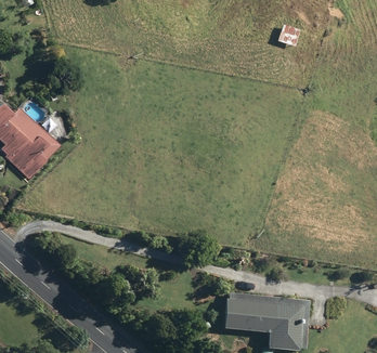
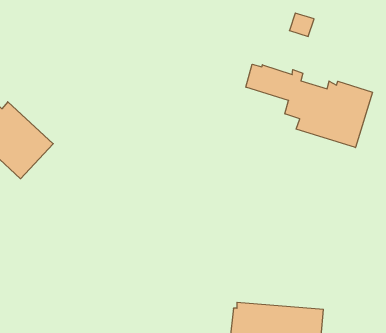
building: none -> [246,64,372,148]

